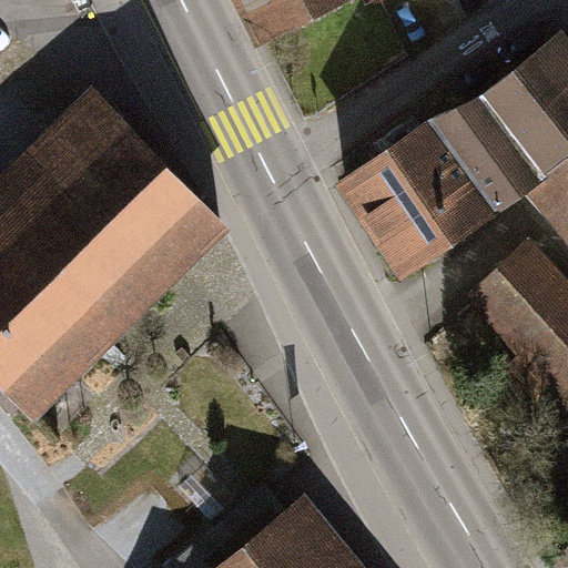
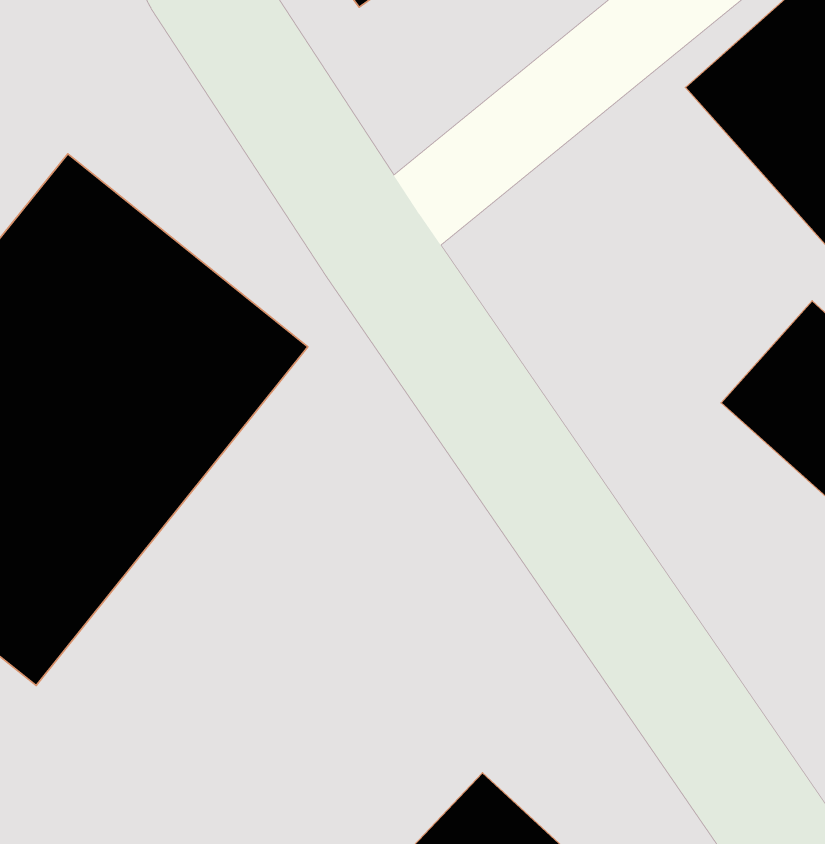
building: [355,100,535,268] -> none

